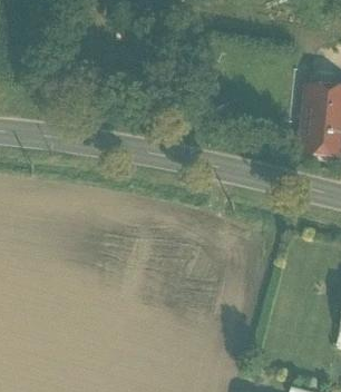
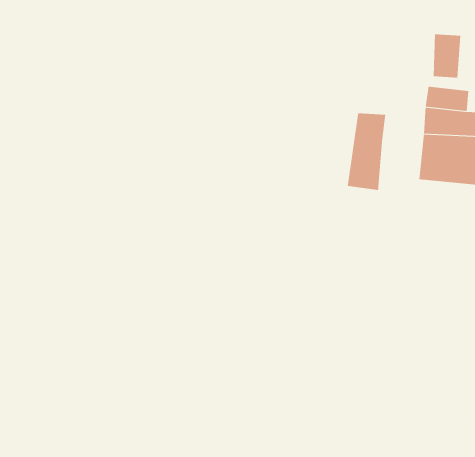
building: none -> [347,112,386,191]

